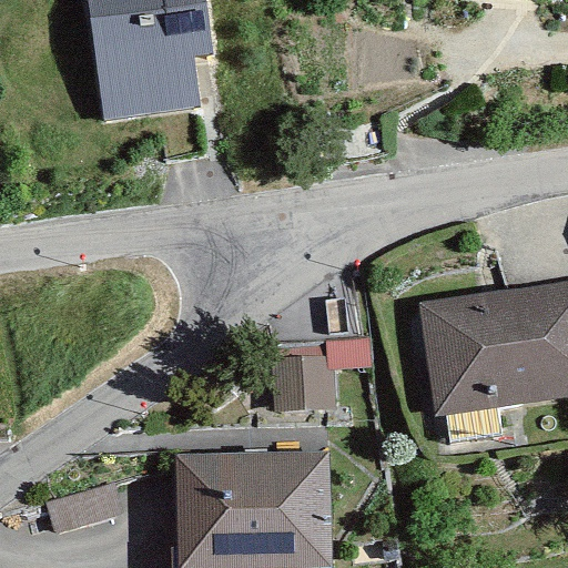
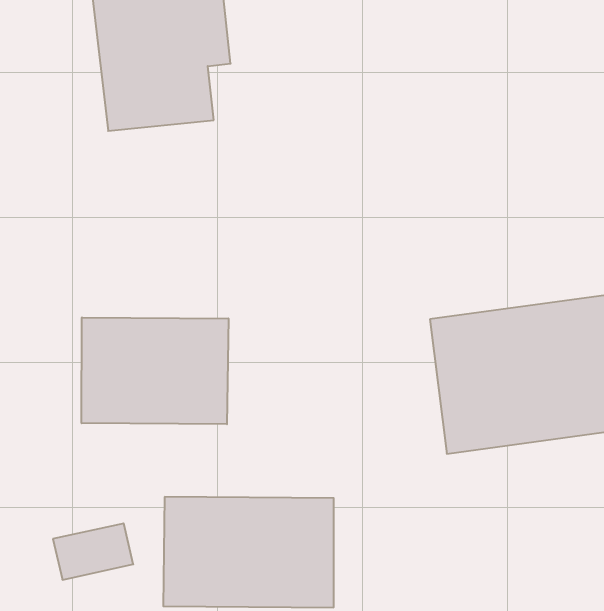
building: none -> [82,317,228,424]
building: [278,341,377,417] -> none

